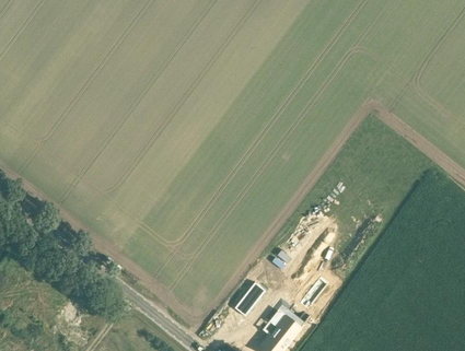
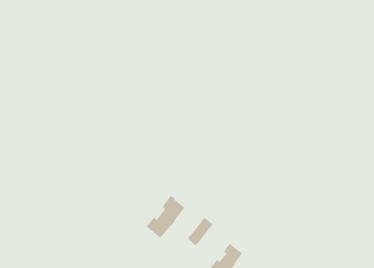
building: none -> [146,195,185,238]

